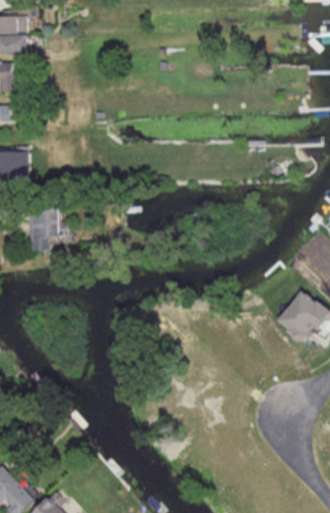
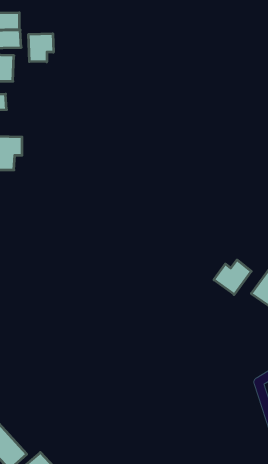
building: none -> [29,34,53,62]
building: [32,209,58,249] -> none
building: none -> [214,260,251,295]

